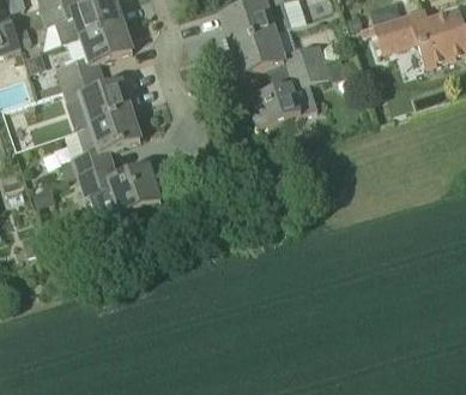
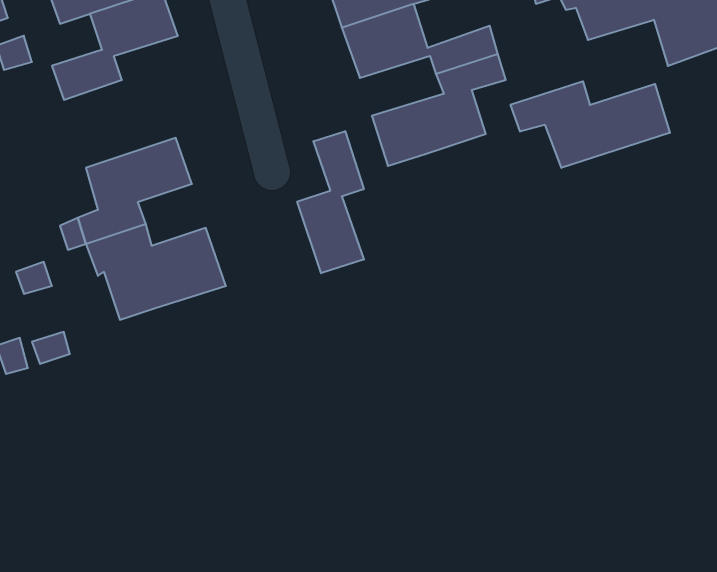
building: [63,76,131,128] -> none
building: none -> [511,81,670,168]
building: none -> [297,131,364,273]

